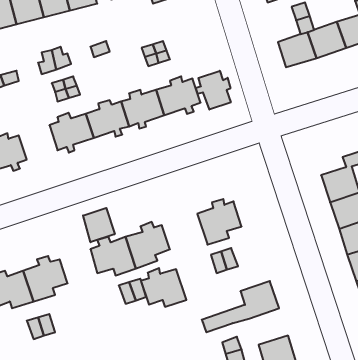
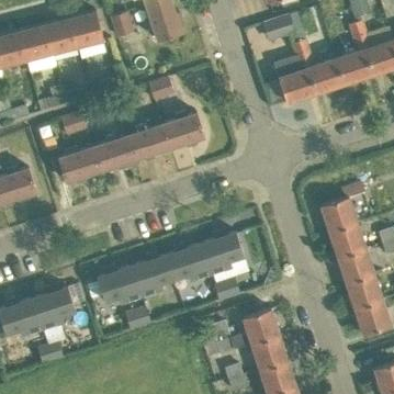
building: [196,71,231,110] -> none
building: [83,208,115,242] -> none
building: [141,268,186,307] -> [167,244,211,281]
building: none -> [251,336,289,371]

